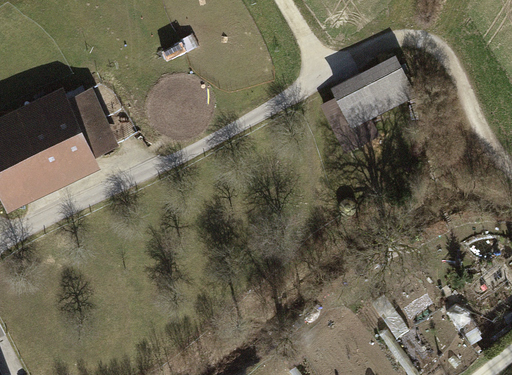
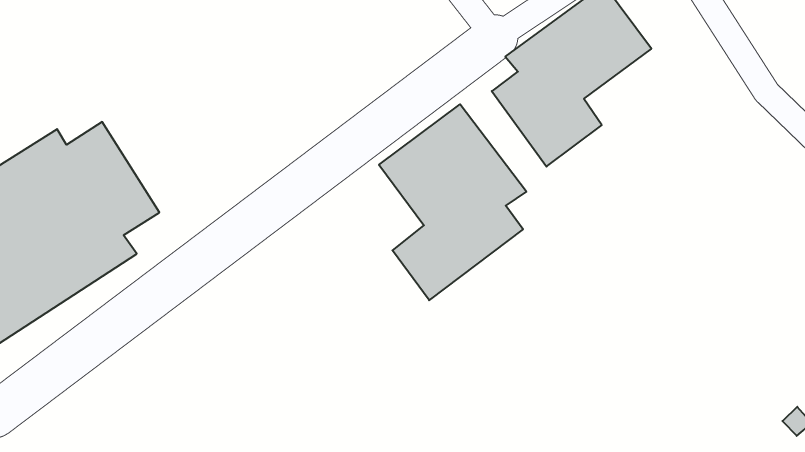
building: none -> [379,104,526,300]

